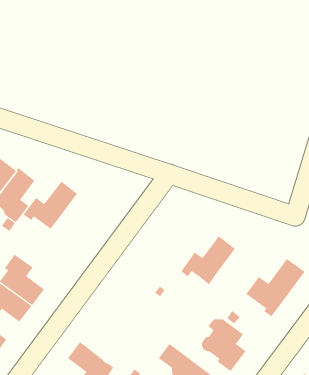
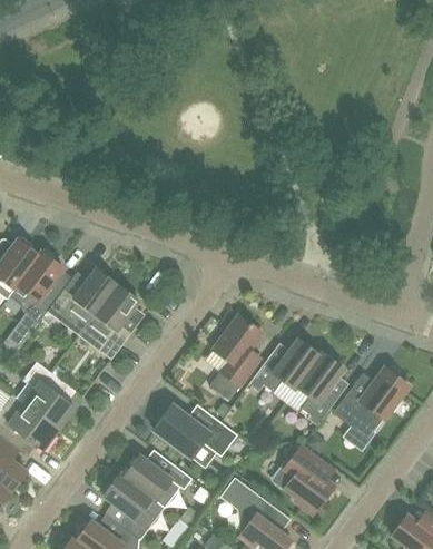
building: none -> [82,285,138,360]
building: none -> [208,315,262,401]
building: none -> [285,352,344,425]
building: none -> [152,404,237,458]
building: none -> [122,455,191,508]

